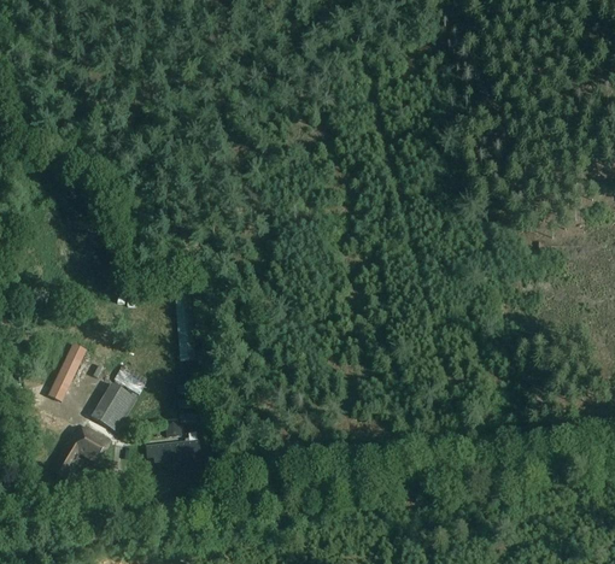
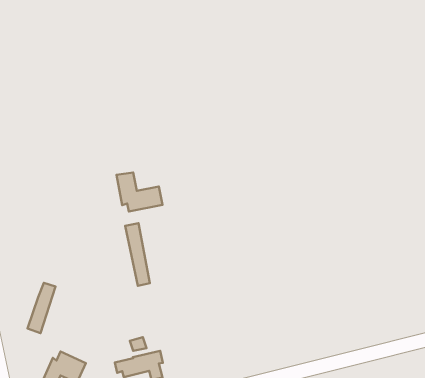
building: none -> [116,173,163,211]
building: [92,383,136,430] -> none

